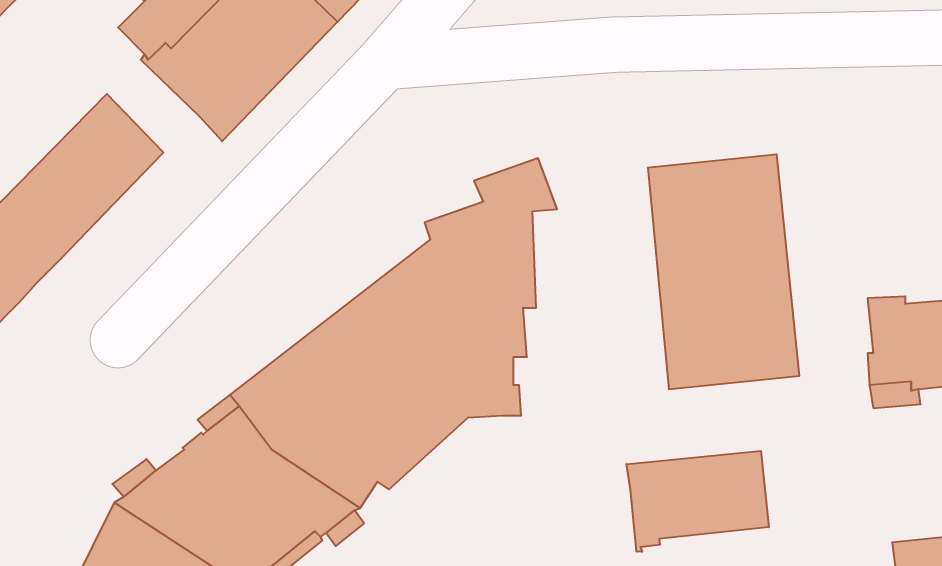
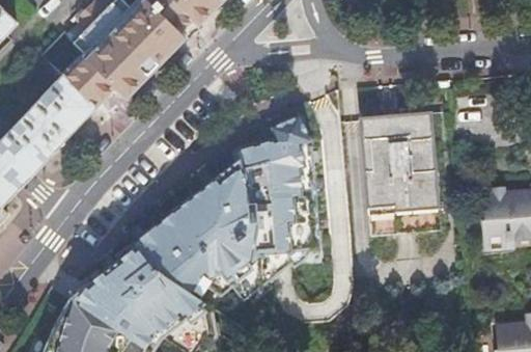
building: none -> [64,57,115,108]
building: [626,451,769,552] -> none

